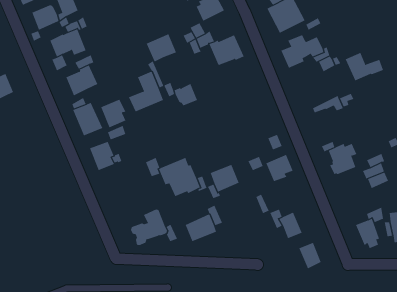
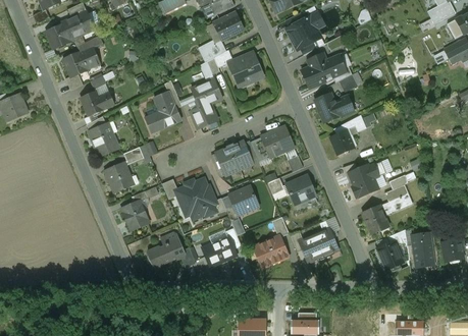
building: [146,34,177,63] -> [191,78,222,108]
building: [345,52,384,81] -> [314,93,354,122]
building: [101,99,126,128] -> none
building: none -> [250,126,294,161]
building: none -> [329,129,354,155]
building: none -> [217,141,253,174]
building: none -> [121,190,149,230]
building: none -> [362,205,388,234]
building: none -> [255,236,289,266]
building: [298,242,321,269] -> [314,228,337,256]

